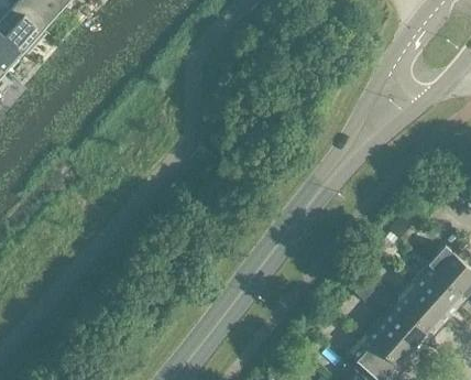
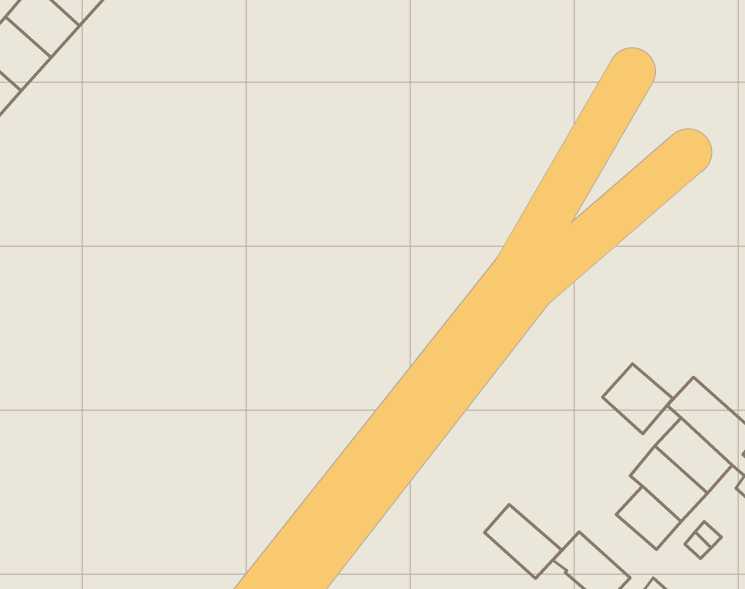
building: none -> [603,364,673,434]
building: [364,319,413,366] -> [485,505,562,578]

